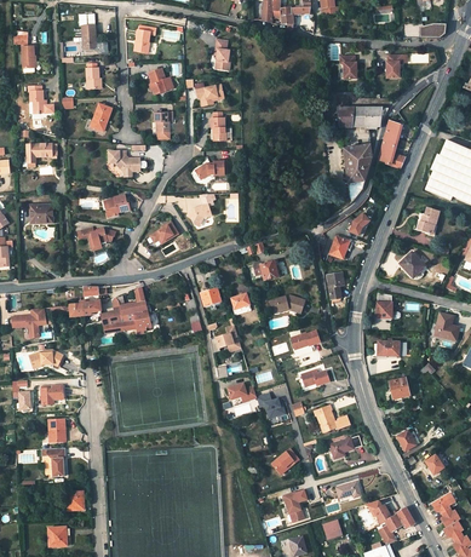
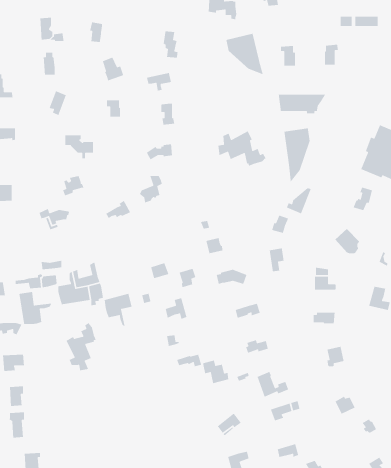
building: none -> [225,33,264,75]
building: [378,120,404,167] -> none
building: none -> [217,130,267,167]
building: none -> [18,291,52,325]
building: none -> [104,293,132,327]
building: none -> [66,322,97,371]

